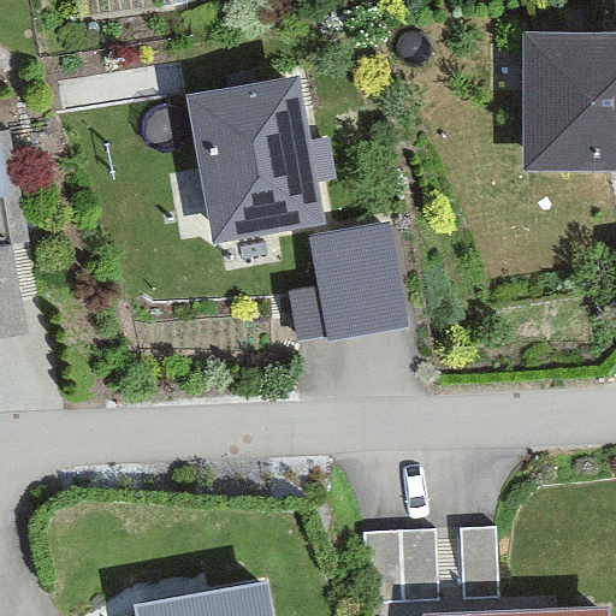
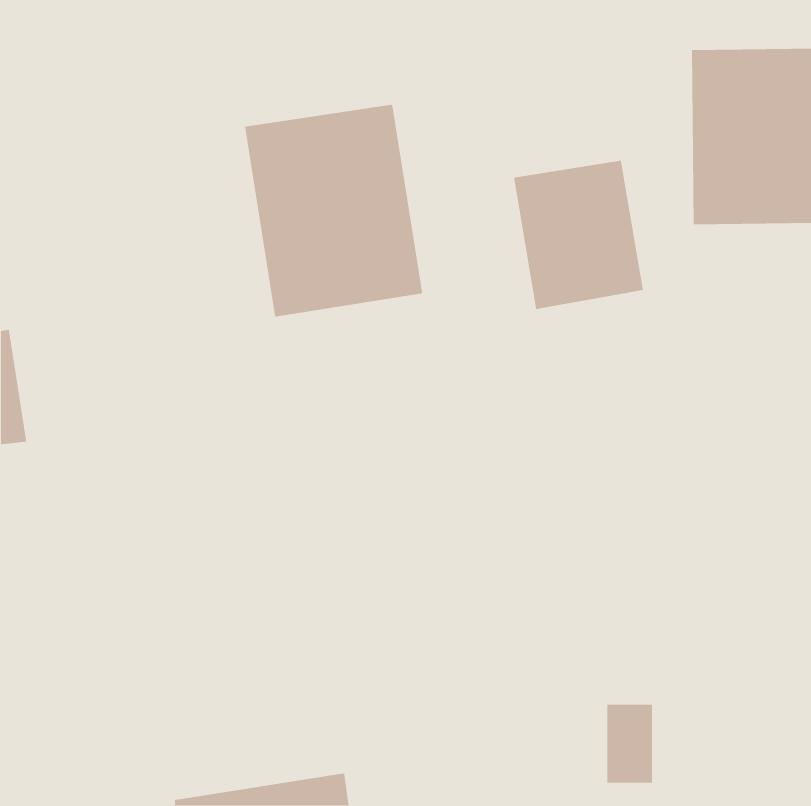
building: [307,225,405,338] -> [513,160,644,310]
building: [363,531,436,603] -> none

